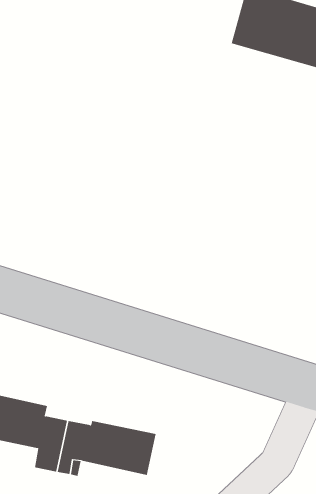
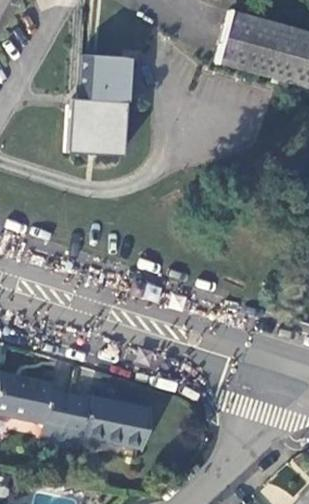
building: none -> [71,57,134,156]

